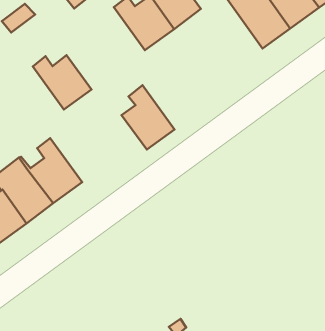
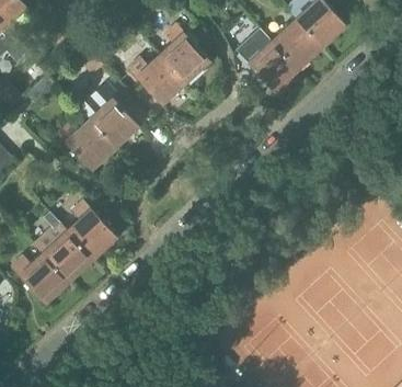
building: [122,85,175,149] -> [89,88,140,148]

